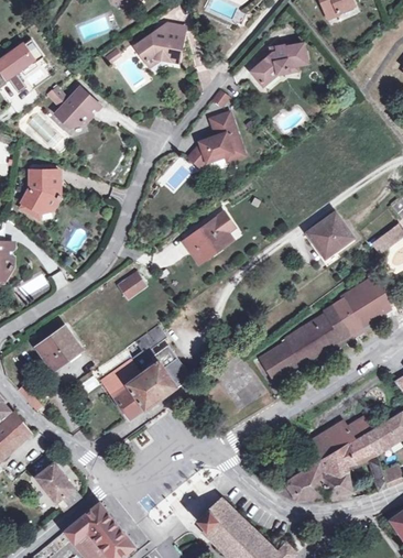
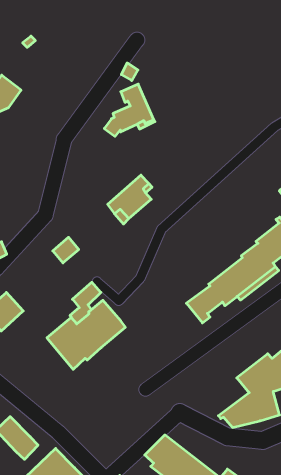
building: [135,23,185,64] -> none
building: [250,42,306,84] -> none
building: [306,211,352,256] -> none

